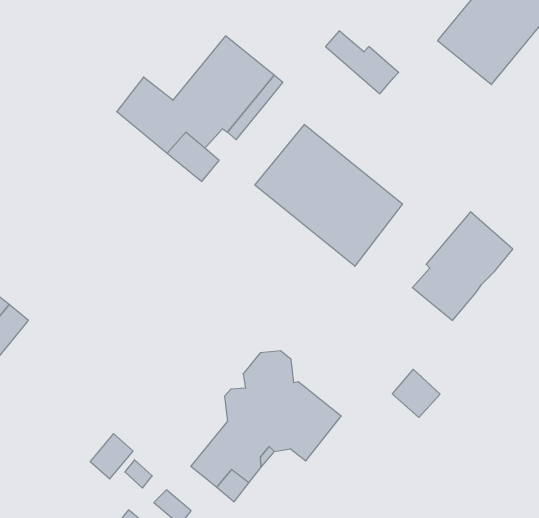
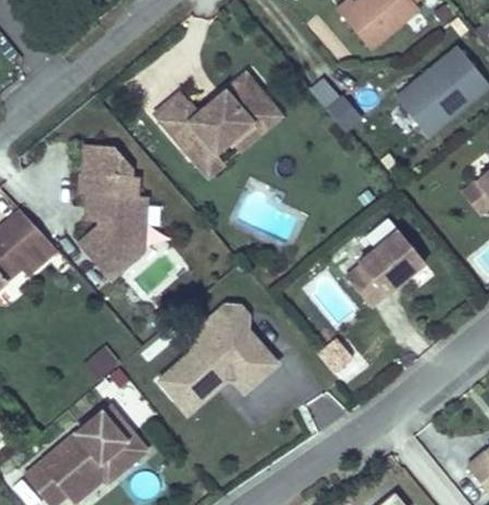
building: [255,124,402,266] -> none
building: none -> [77,148,145,279]

